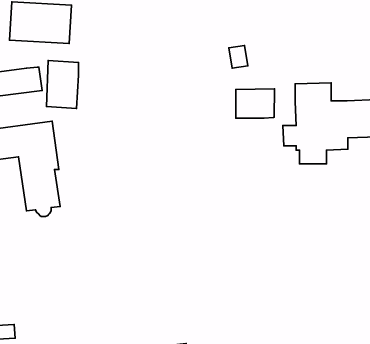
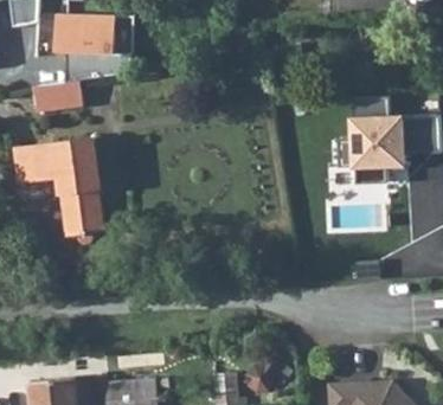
building: [46,61,79,108] -> none
building: [236,89,274,118] -> none

